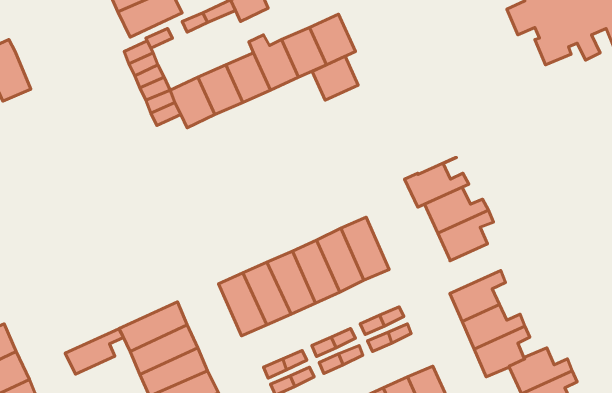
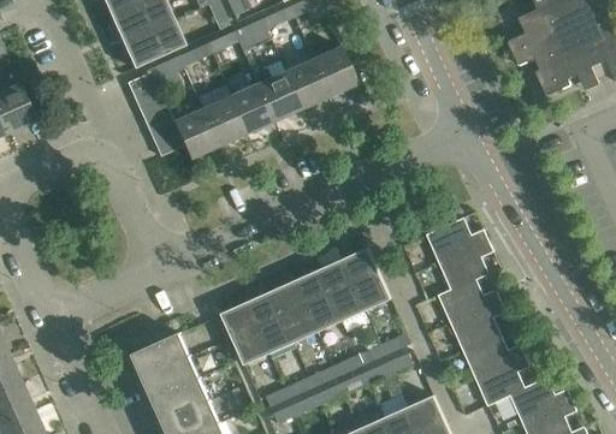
building: [312,56,358,100] -> none
building: [405,157,469,207] -> [438,274,502,323]
building: [65,329,123,374] -> none

